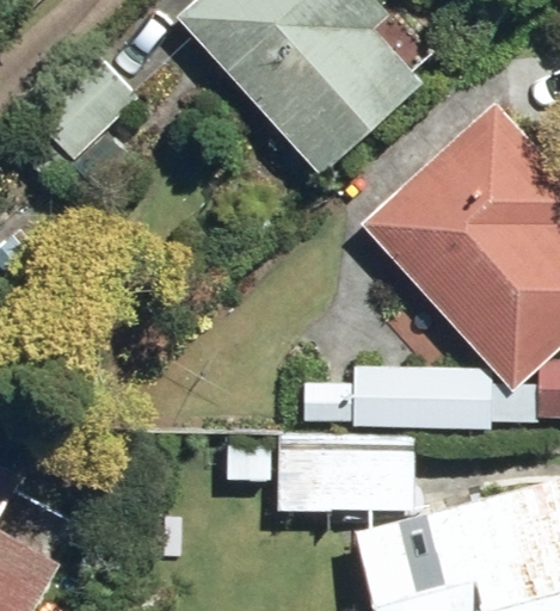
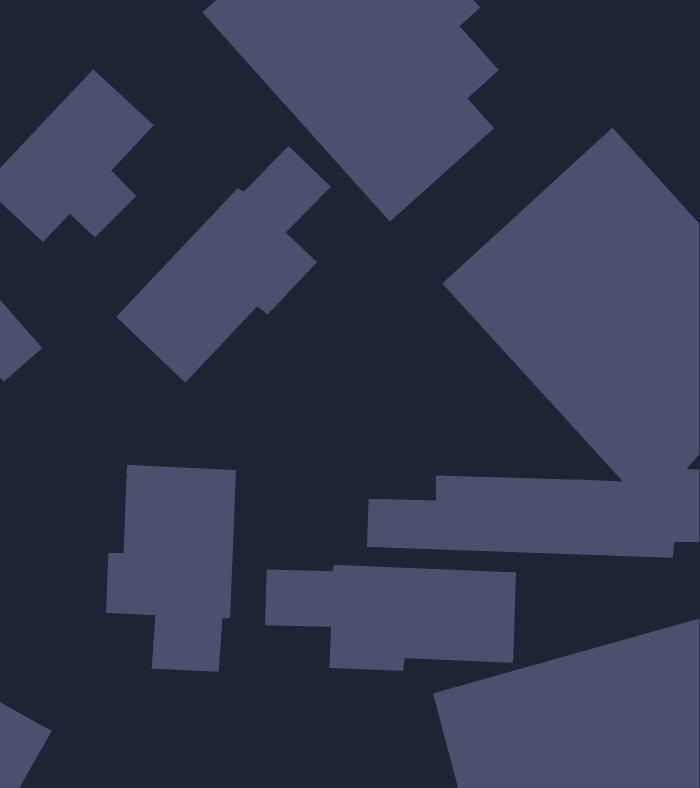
building: none -> [115,145,331,384]
building: none -> [105,464,237,673]

